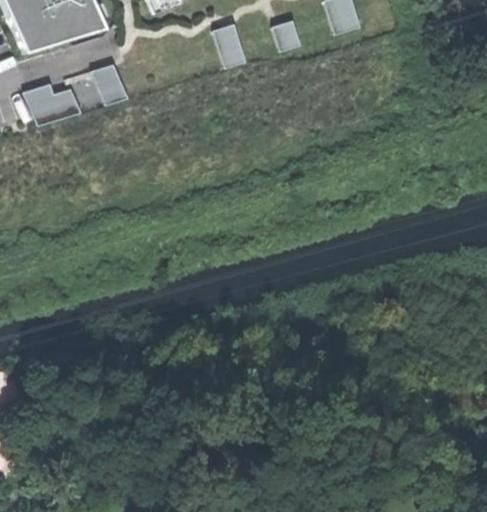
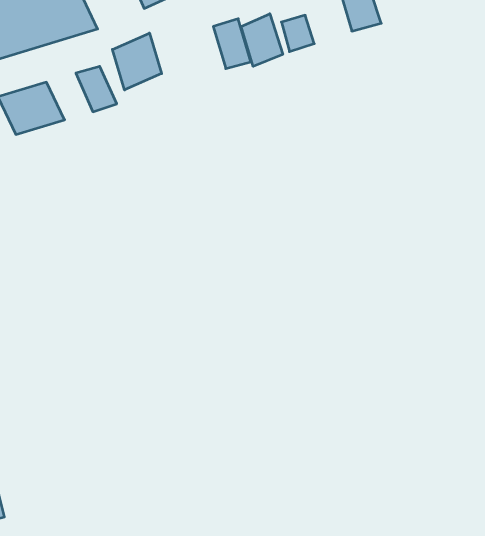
building: none -> [241,14,283,66]
building: none -> [112,33,162,90]

